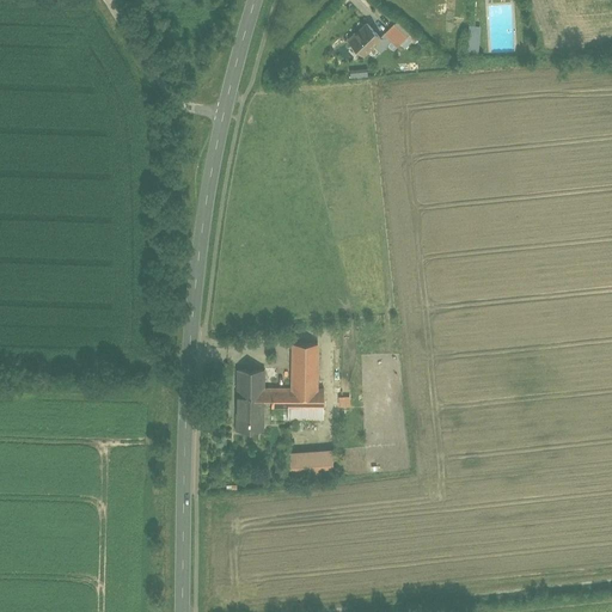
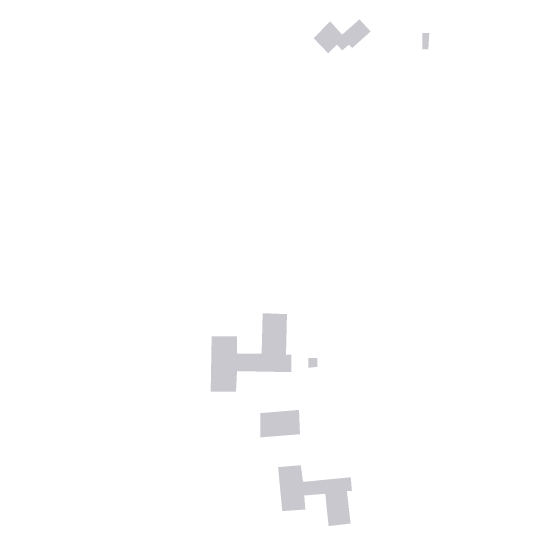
building: none -> [277,465,352,527]

